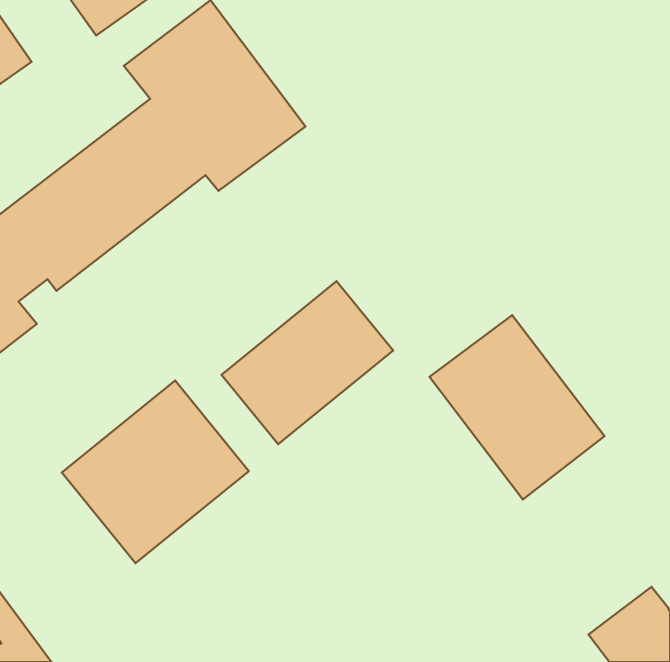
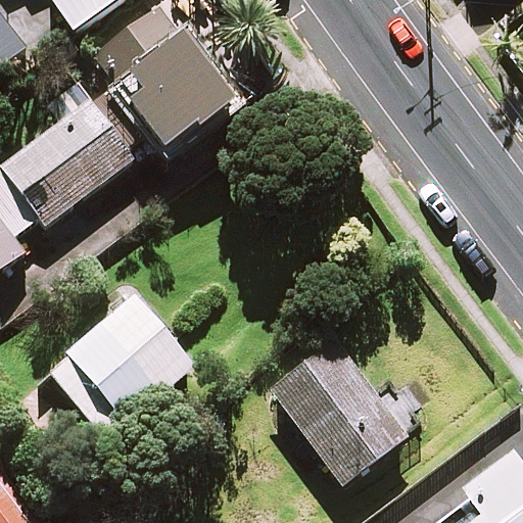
building: [221,281,393,444] -> none
building: [429,315,604,499] -> [270,340,406,483]

